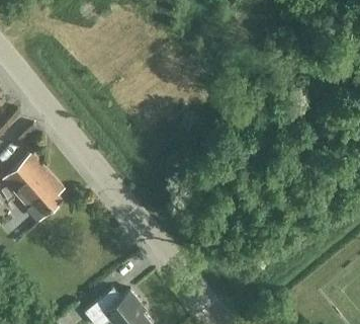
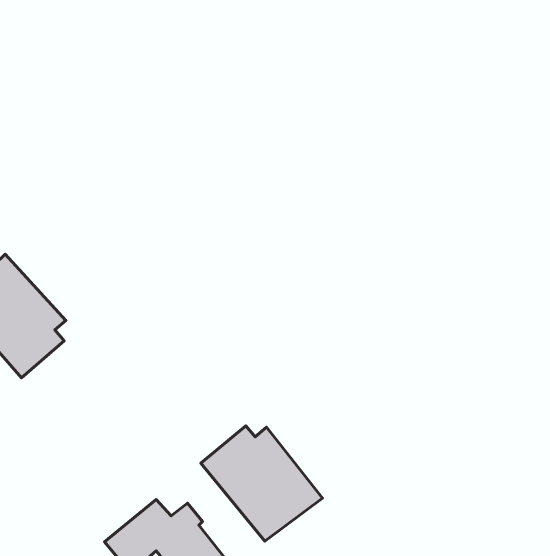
building: none -> [201,426,322,541]

